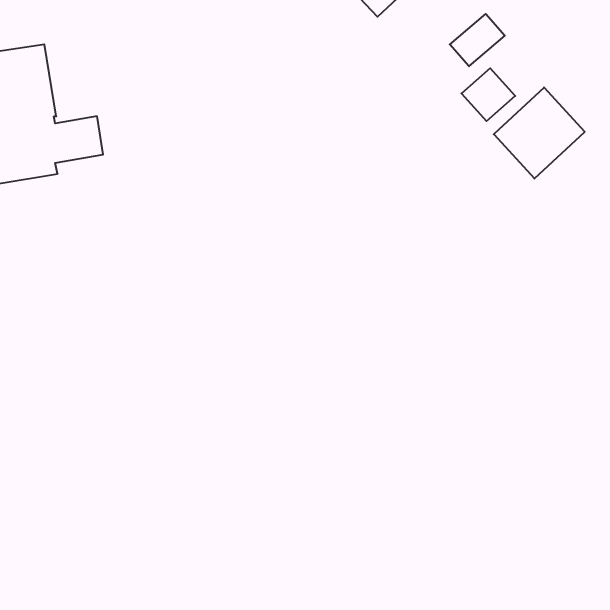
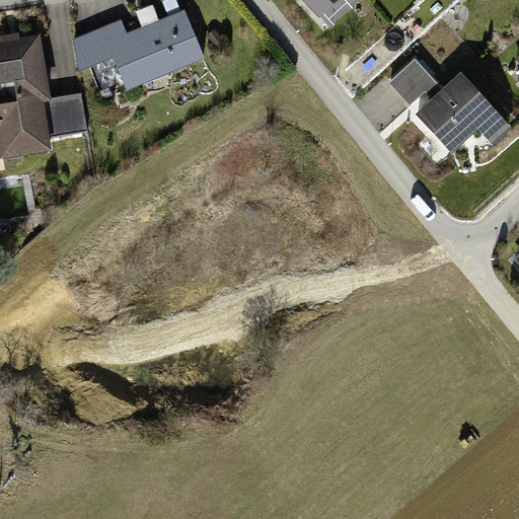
building: none -> [75,9,203,89]
building: [450,14,505,66] -> none

